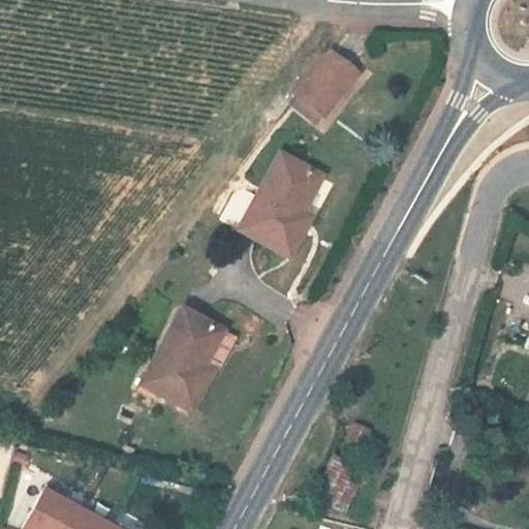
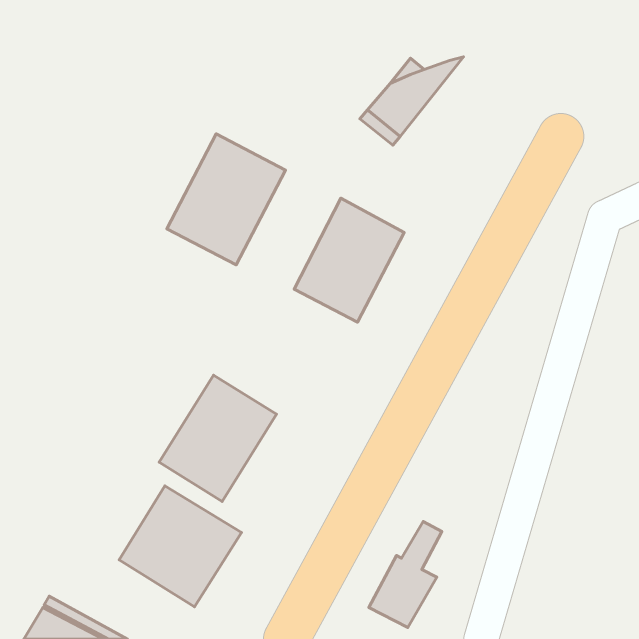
building: none -> [167,134,285,265]
building: none -> [119,486,242,607]

